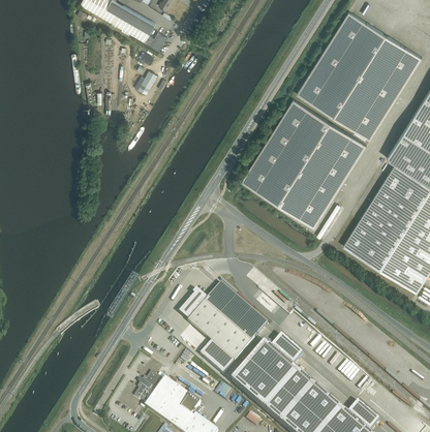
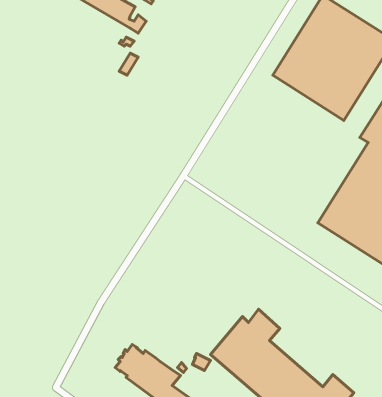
building: [241,98,367,227] -> none
building: [180,281,268,374] -> none

